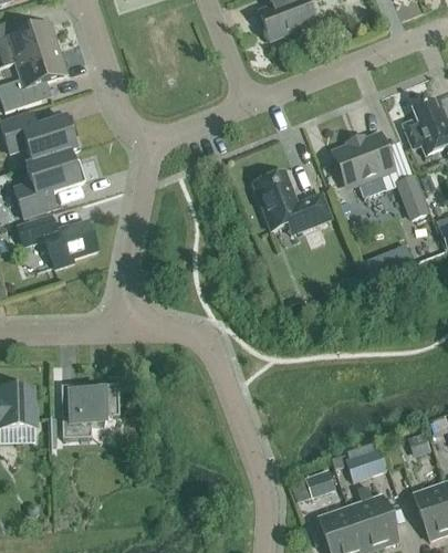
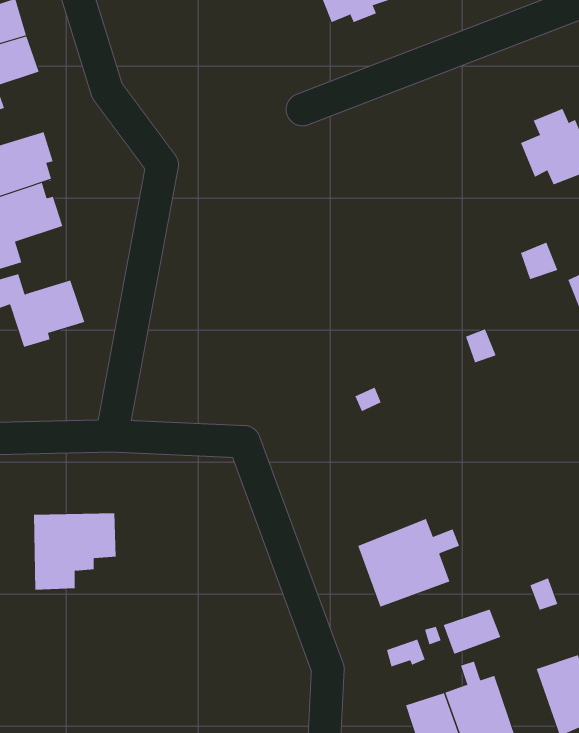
building: [334,133,413,197] -> none
building: [252,169,331,229] -> none
building: none -> [357,518,460,607]

